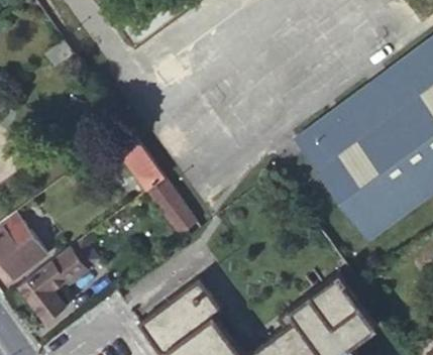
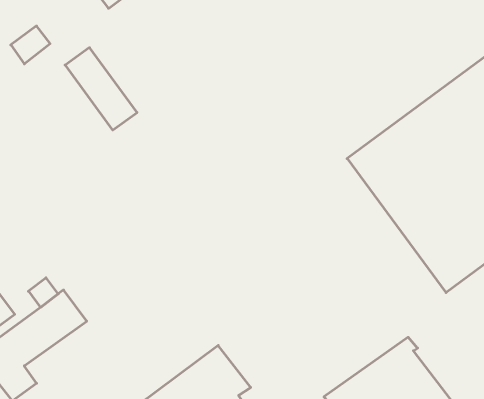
building: [111,131,165,193] -> [65,48,137,130]
building: [149,183,200,237] -> none

